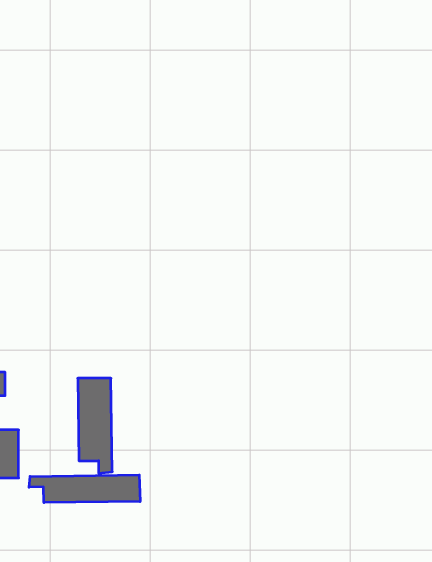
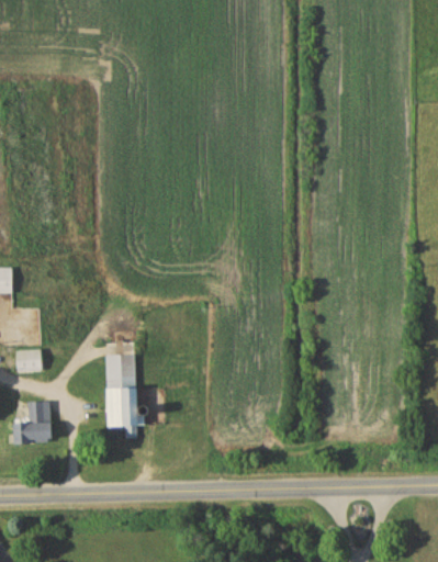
building: [29,475,140,503] -> none

